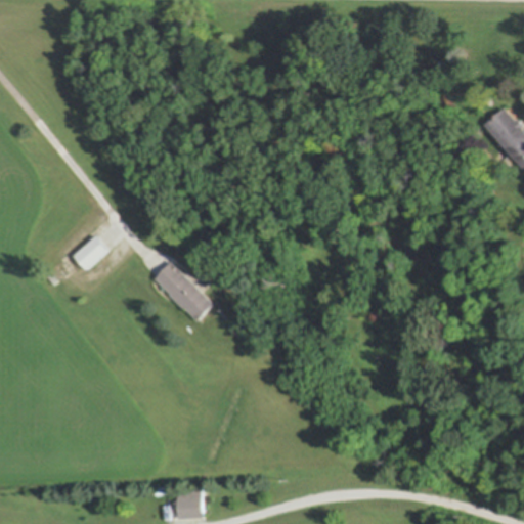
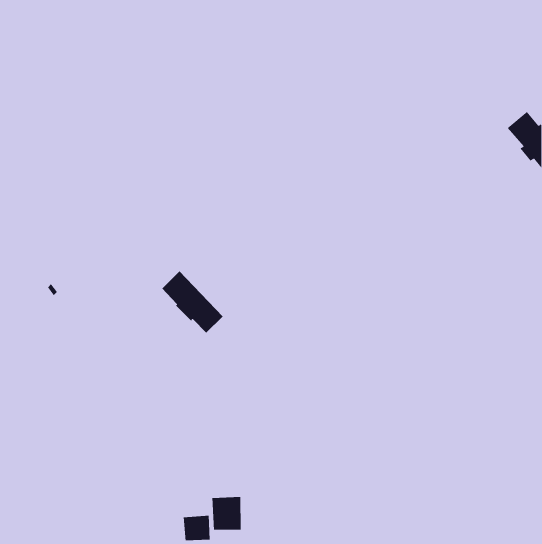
building: [73,236,106,270] -> none
building: none -> [212,496,241,530]

